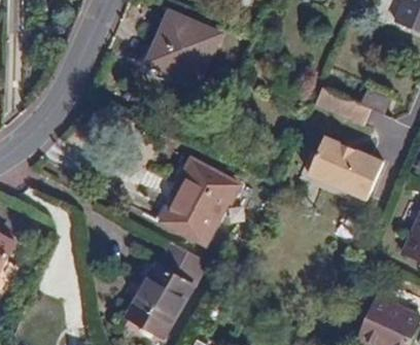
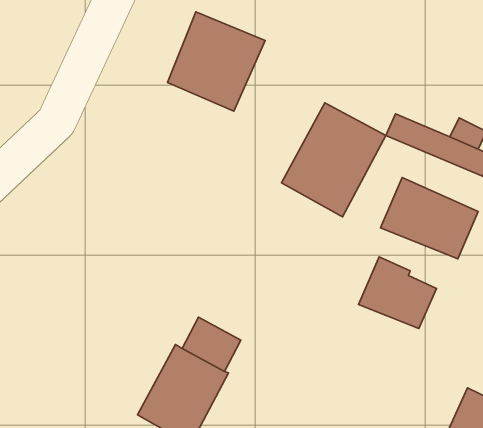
building: [159,161,238,247] -> [281,103,386,217]
building: none -> [359,257,437,329]

